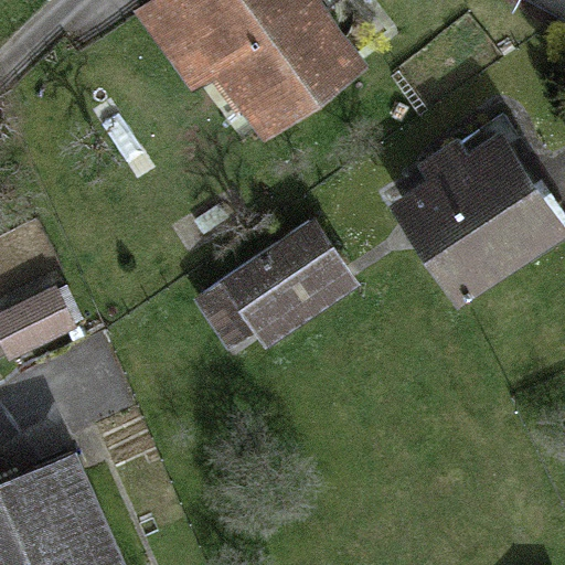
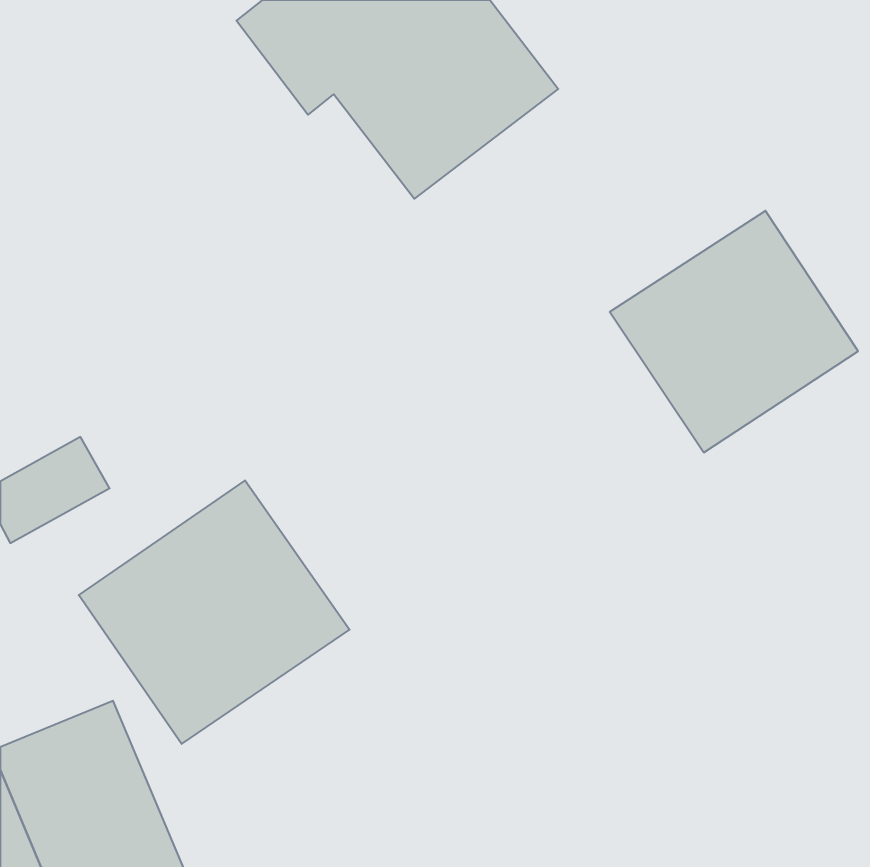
building: [195,218,347,337] -> none
building: none -> [79,480,350,744]

